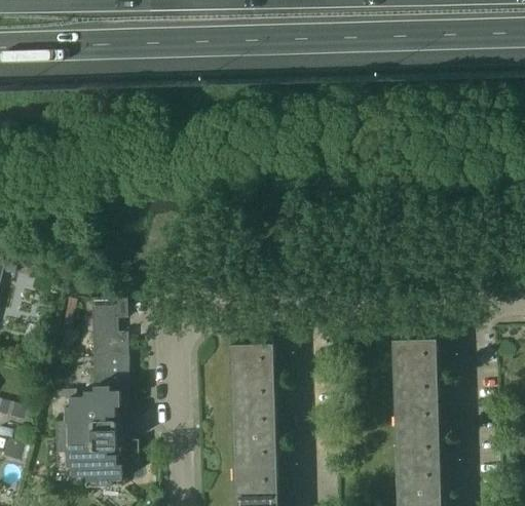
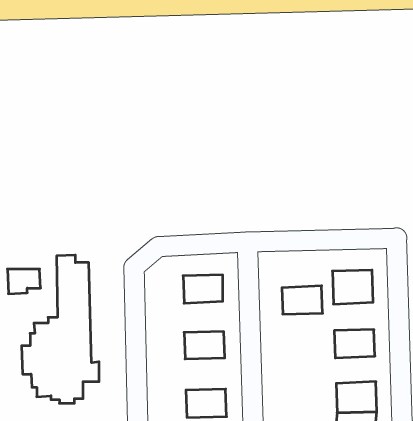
building: [91,299,127,325] -> [7,269,41,294]
building: [231,375,274,408] -> none
building: [393,376,438,406] -> [282,286,323,314]
building: [396,434,440,464] -> none
building: [232,436,276,471] -> none

